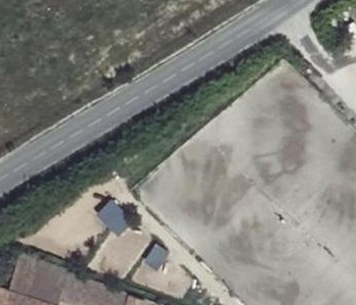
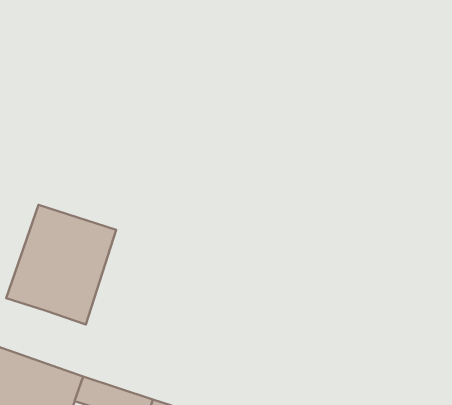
building: none -> [6,205,116,325]

